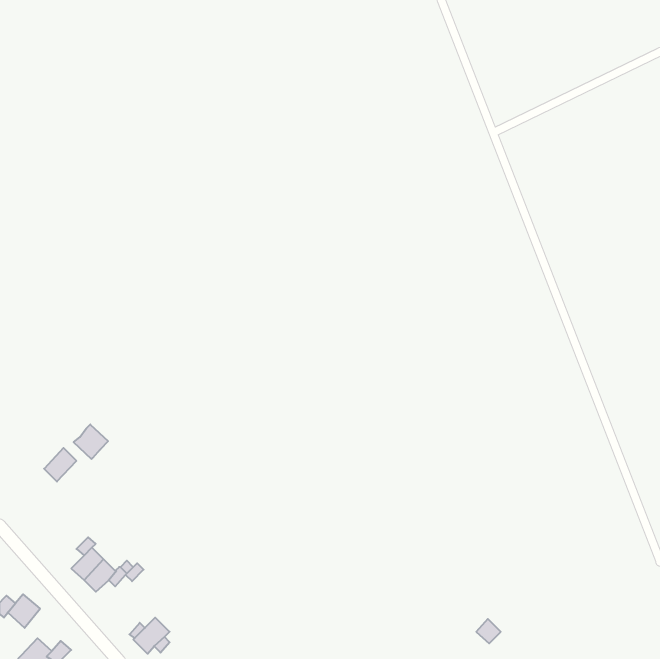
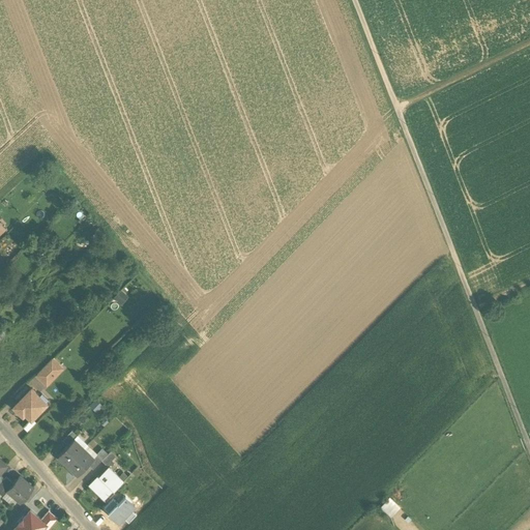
building: [74,424,108,459] -> none
building: none -> [13,390,46,420]
building: none -> [88,468,123,501]

